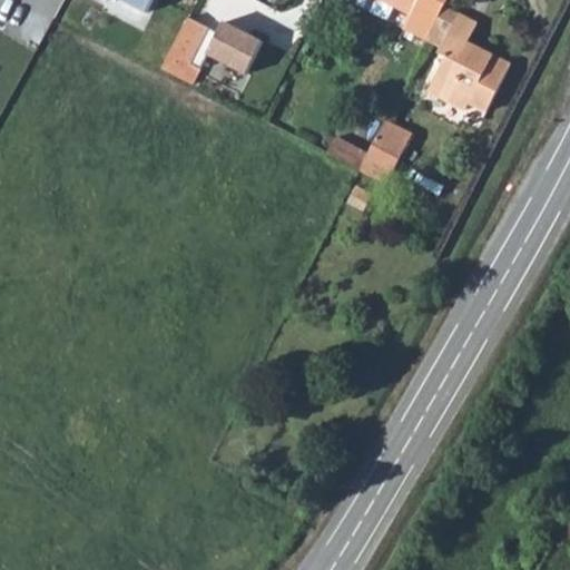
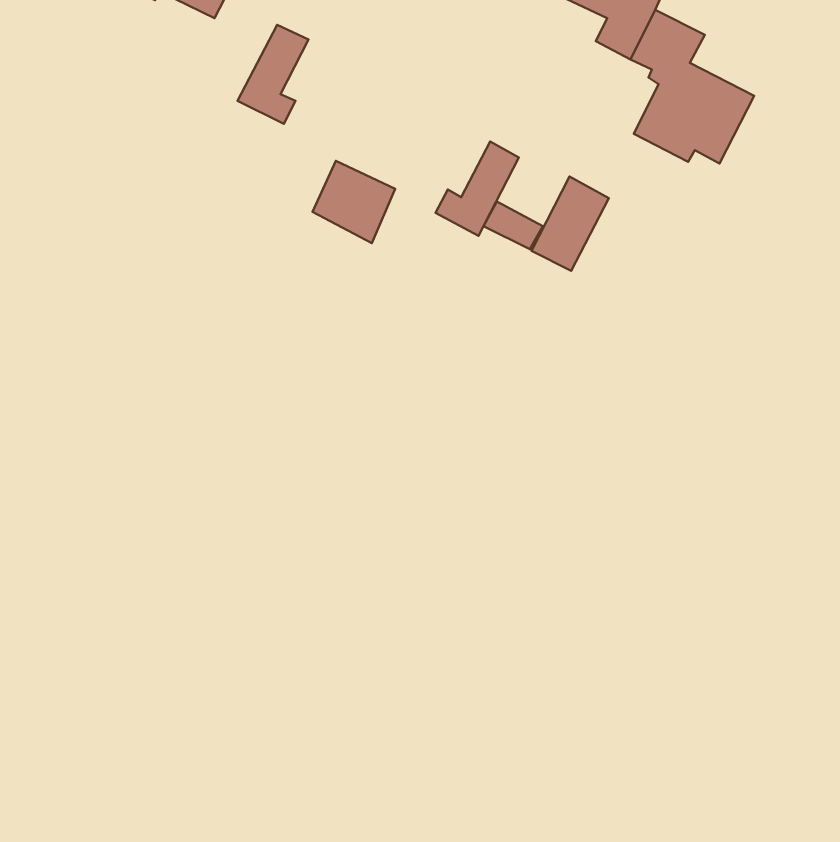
building: [208,18,264,73] -> [313,161,395,243]
building: none -> [435,141,519,236]

